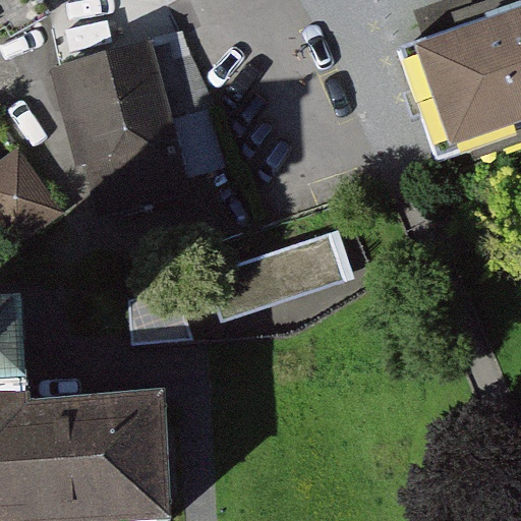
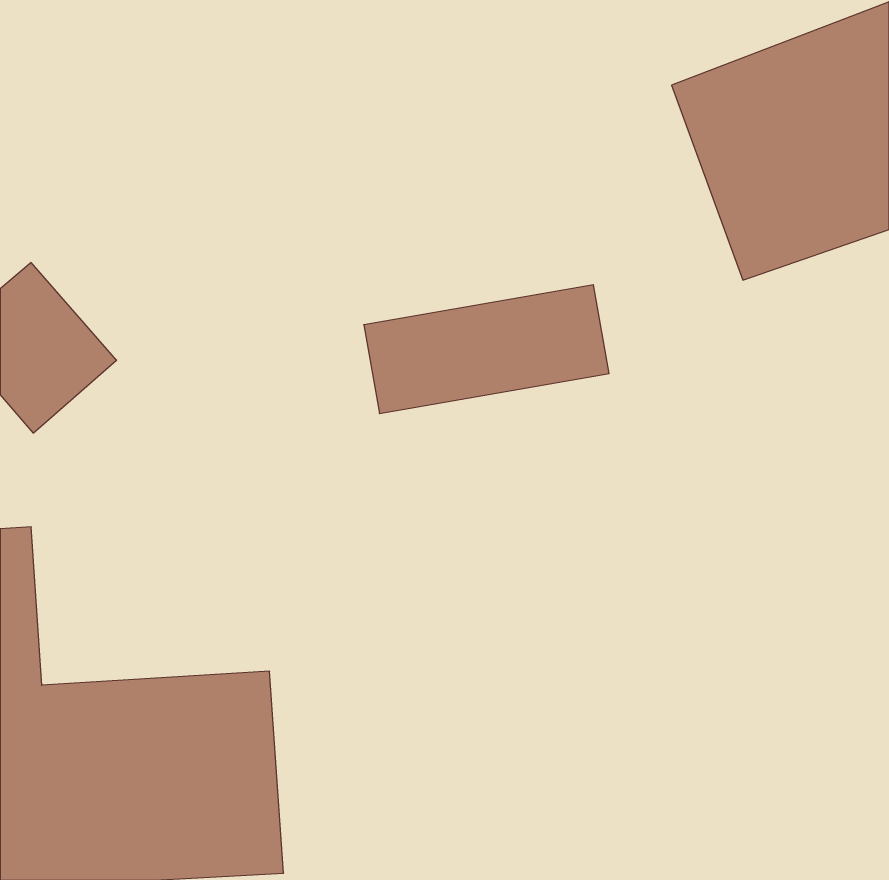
building: [58,40,195,221] -> none
building: [215,234,358,309] -> [364,285,609,414]

